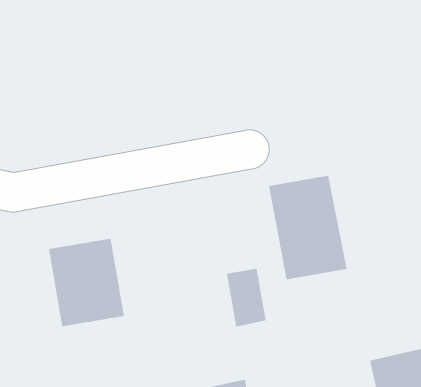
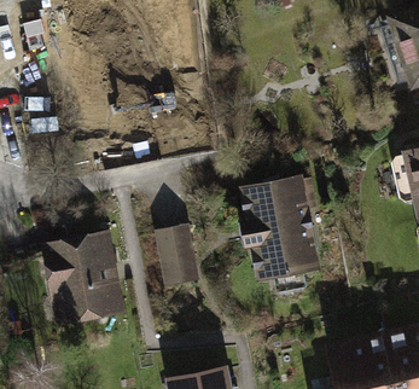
building: [226,268,266,327] -> [157,232,193,285]

